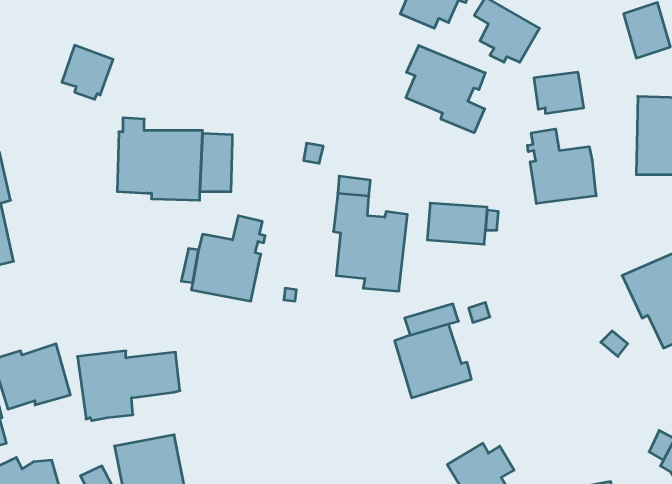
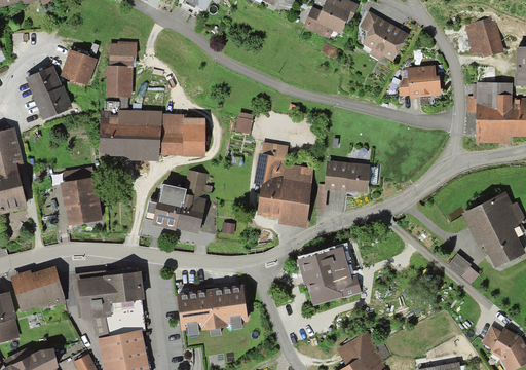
building: none -> [105,47,130,98]
building: [406,45,485,133] -> none
building: none -> [27,65,73,118]
building: [527,129,596,204] -> none
building: none -> [183,117,205,156]
building: none -> [61,166,102,224]
building: none -> [177,287,245,329]
building: none -> [93,299,145,335]

